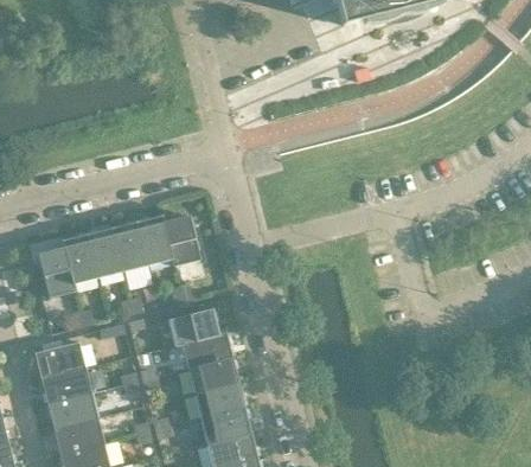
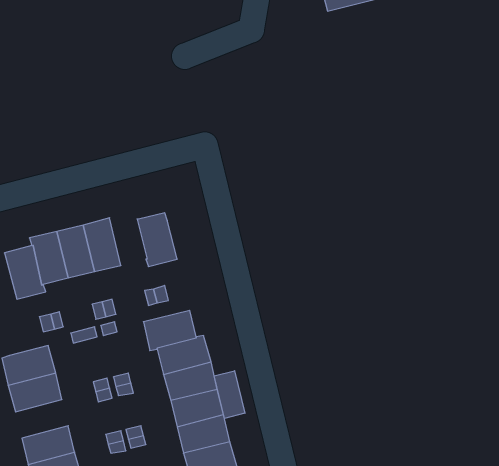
building: [135,215,171,266] -> none
building: none -> [214,371,245,418]
building: [46,392,96,429] -> none

